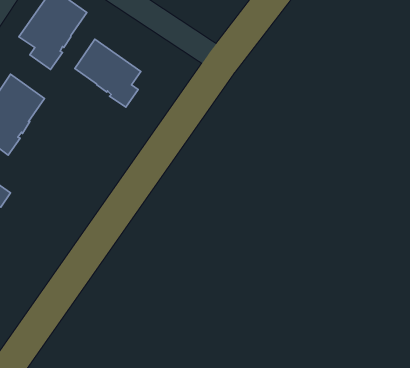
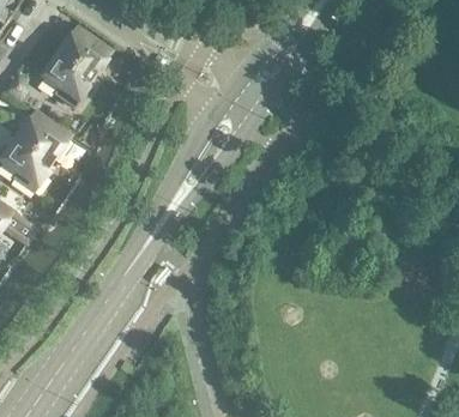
building: [75,39,141,107] -> none

